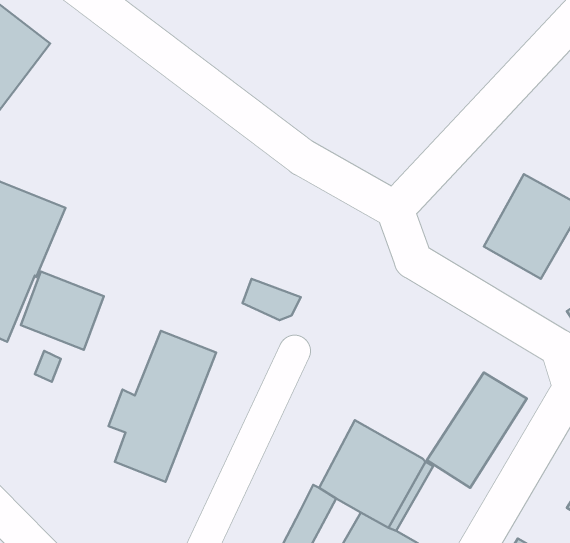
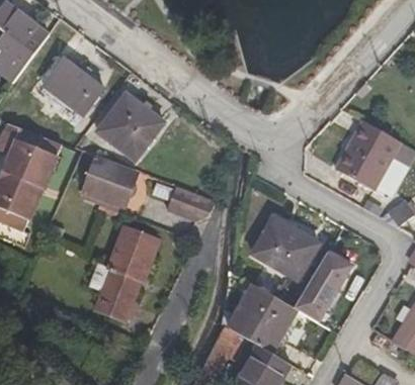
building: none -> [43,59,102,115]
building: none -> [96,92,164,161]
building: [21,271,104,350] -> [82,156,137,207]
building: none -> [250,215,319,280]

